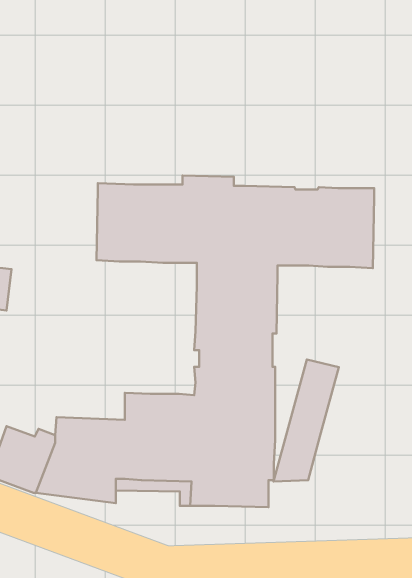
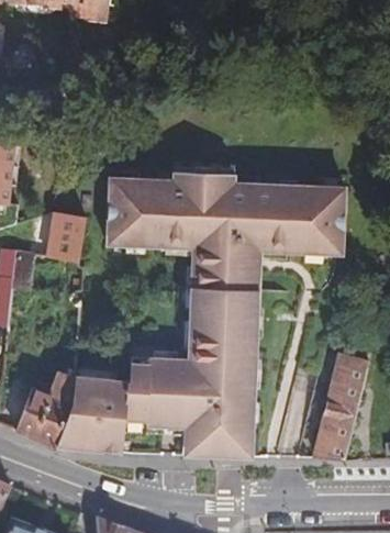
building: none -> [46,211,83,262]
building: [273,359,339,482] -> [312,353,368,457]

